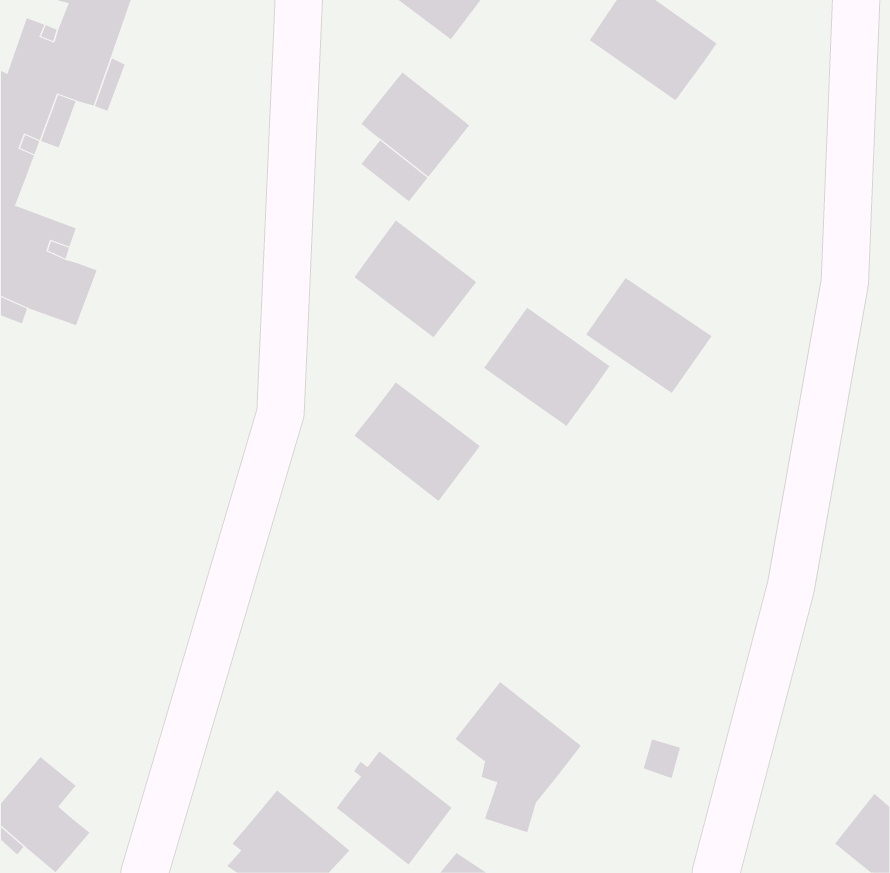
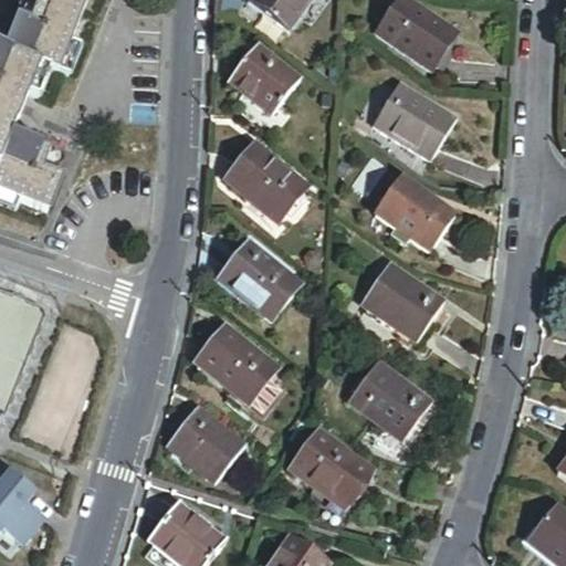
building: none -> [375,80,457,154]
building: [483,307,610,427] -> [358,264,439,340]
building: none -> [197,325,275,400]
building: none -> [345,360,424,436]
building: [336,750,452,865] -> [174,403,248,476]

